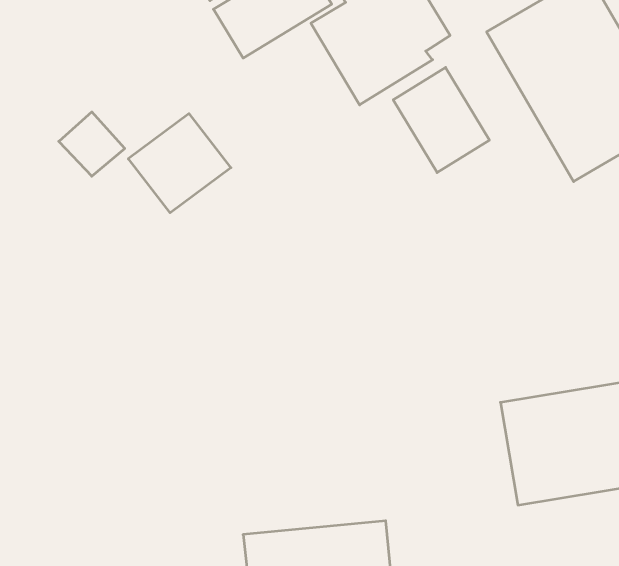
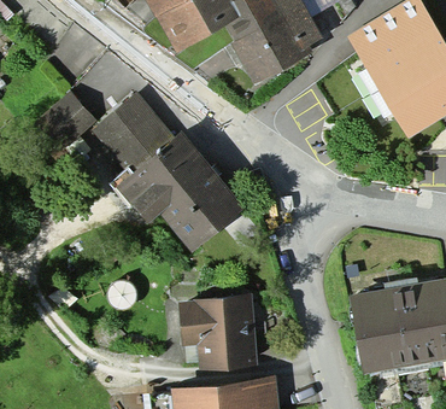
building: [393,67,489,173] -> none
building: none -> [121,129,240,240]
building: none -> [182,294,254,362]

